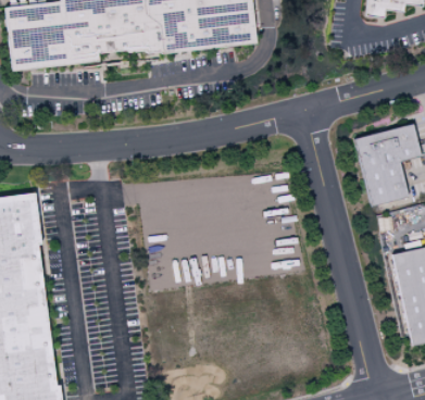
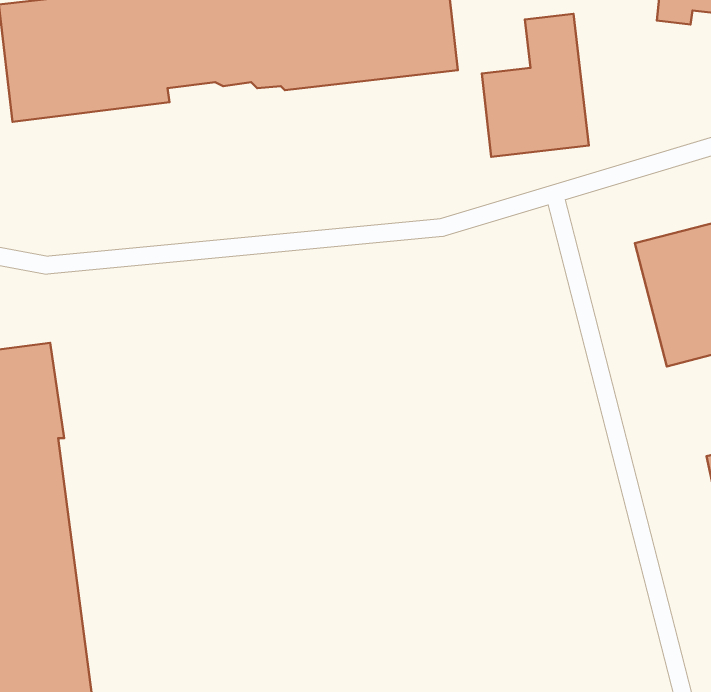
building: none -> [482,14,589,157]

